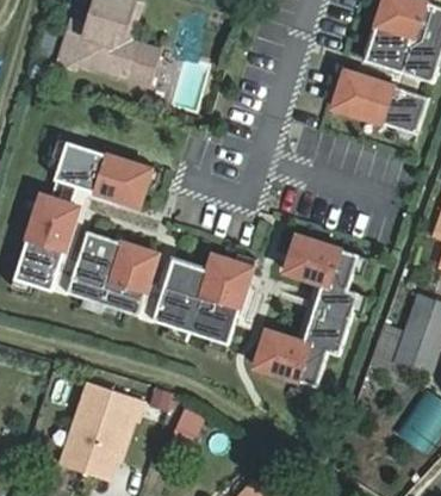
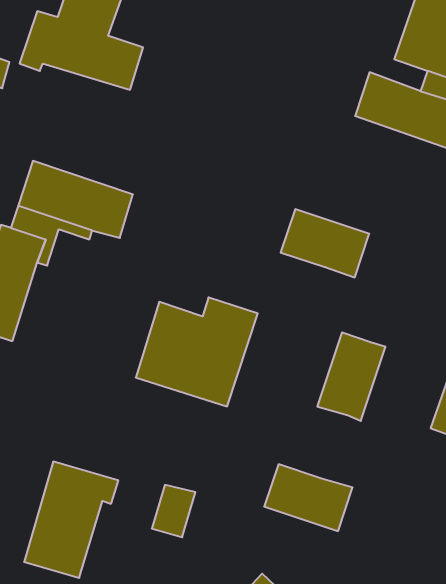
building: [66,229,156,314] -> none
building: [284,234,356,290] -> [281,209,369,277]
building: [253,330,325,385] -> [264,464,353,531]

